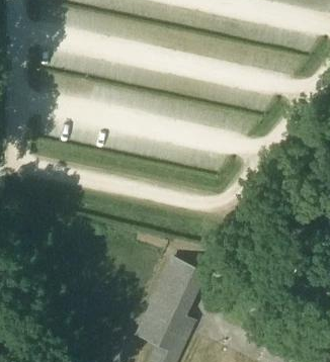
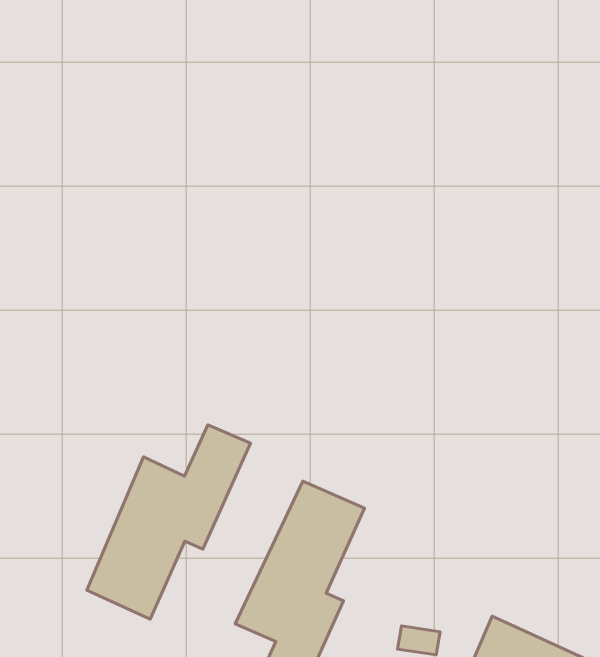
building: none -> [87,425,250,619]

